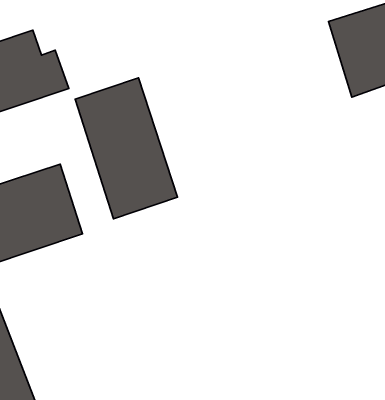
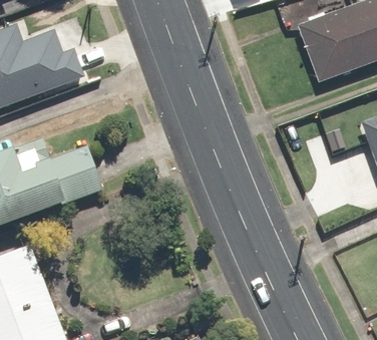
building: [75,78,178,219] -> none

